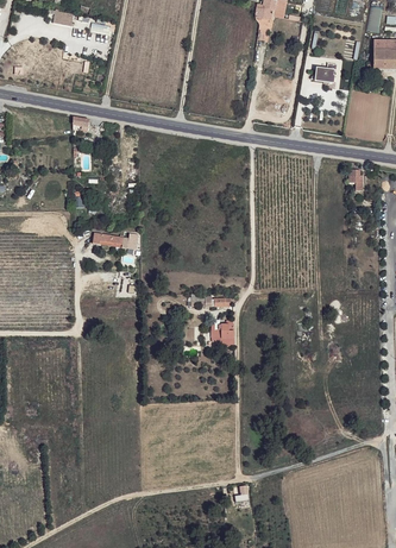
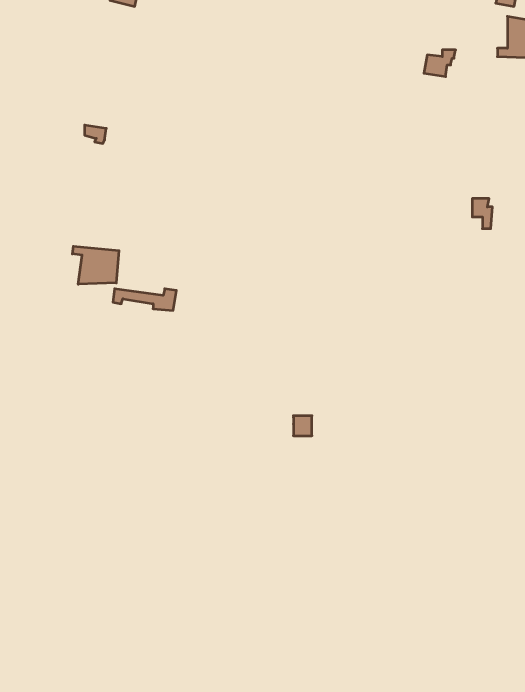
building: none -> [72,246,119,284]

